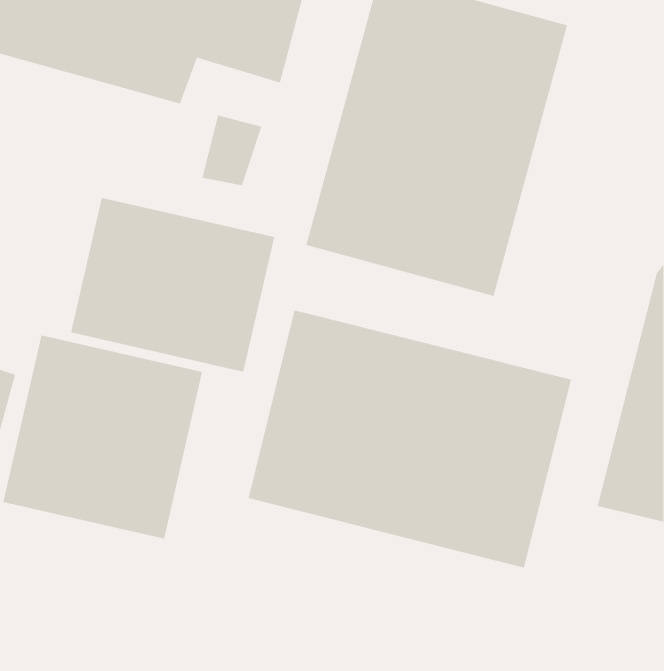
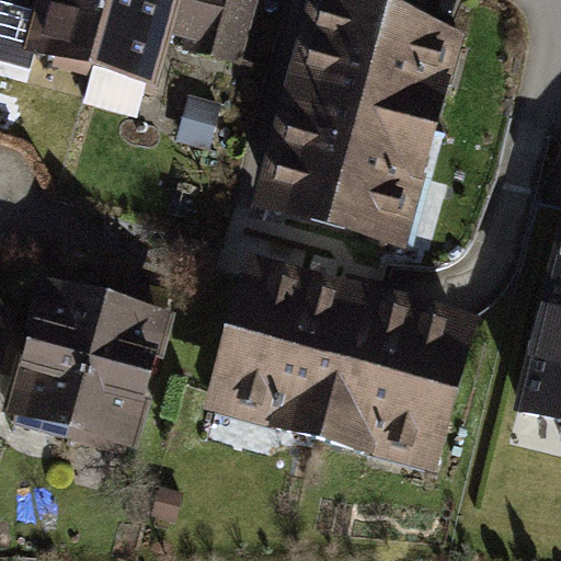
building: [70,197,275,372] -> none

